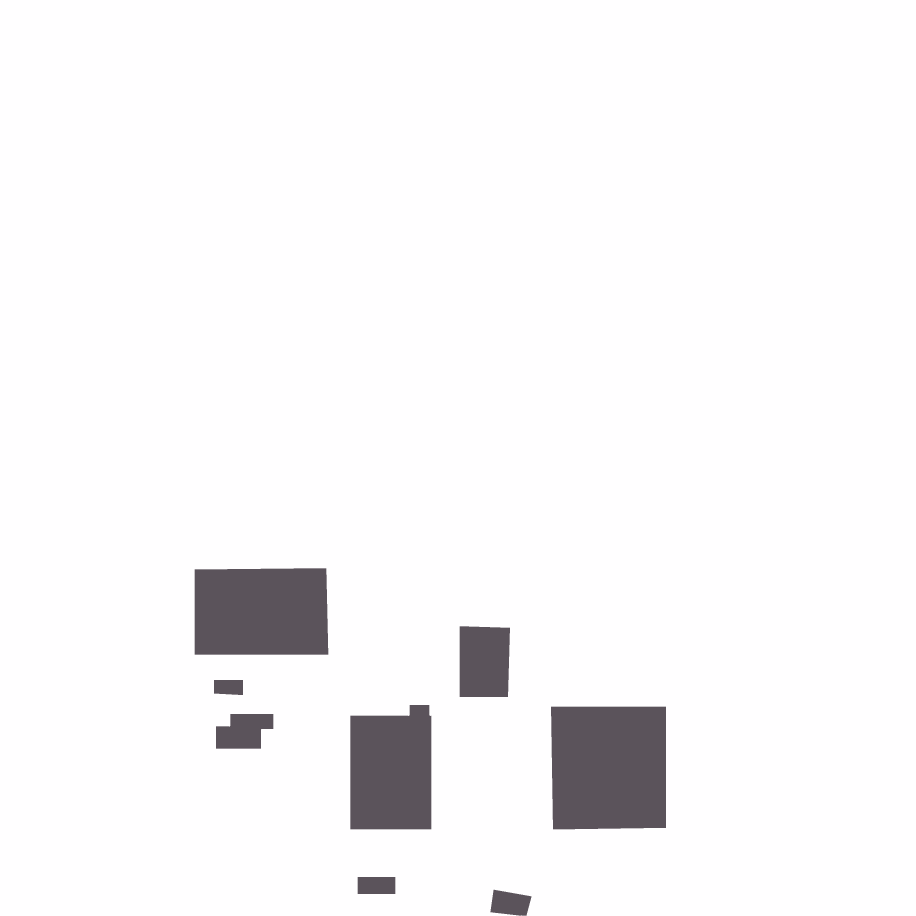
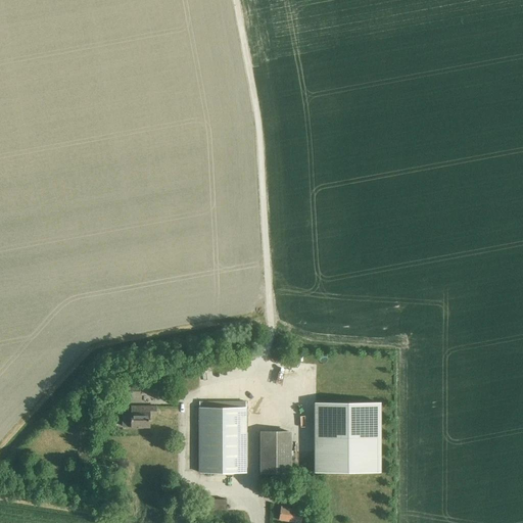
building: [194,567,329,655] -> none
building: [459,626,511,698] -> [259,432,289,473]

